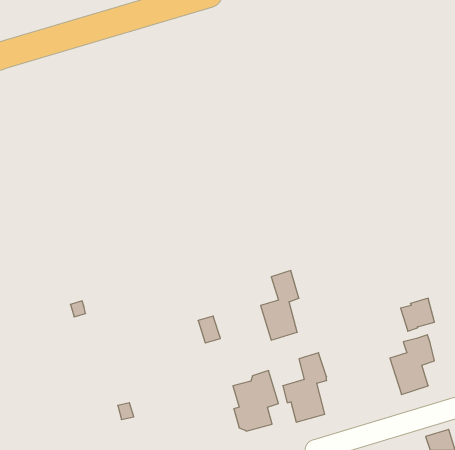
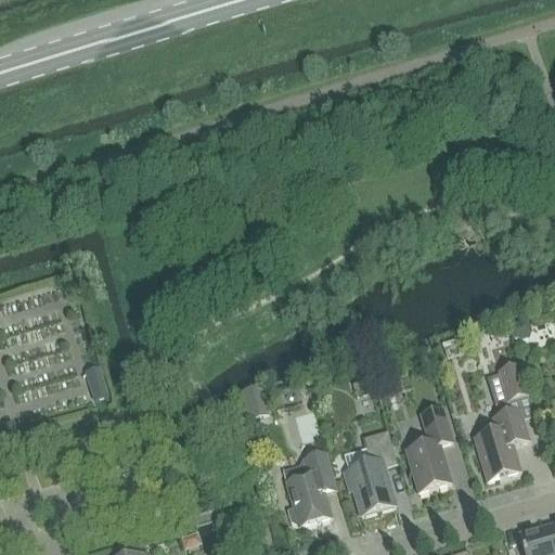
building: [261,271,299,340] -> [405,405,452,490]

